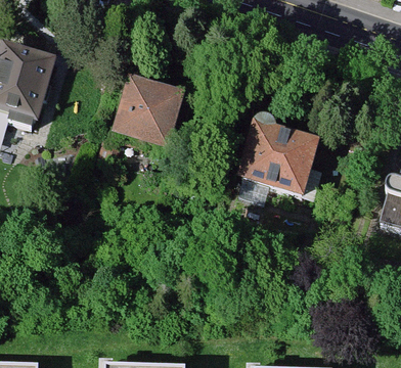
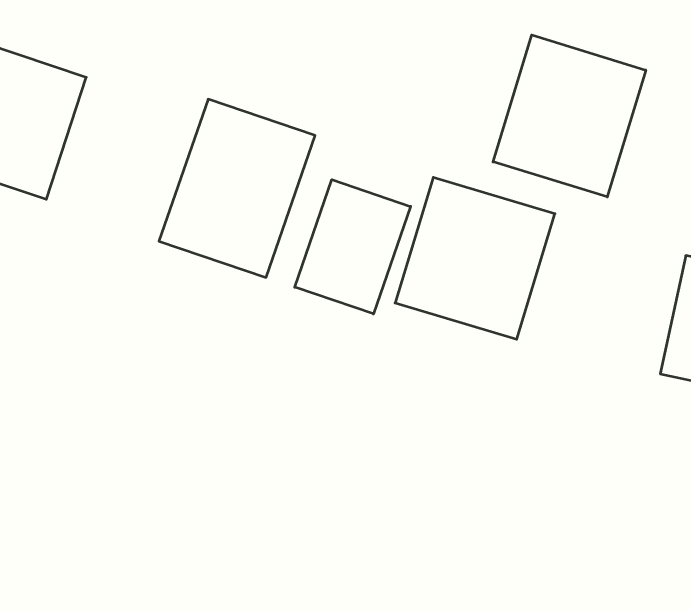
building: none -> [493,35,646,197]
building: none -> [295,180,411,314]

